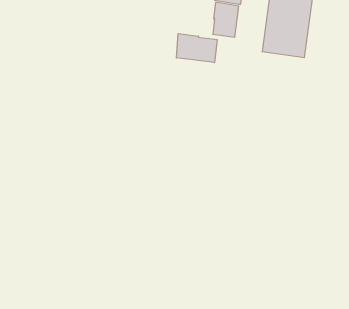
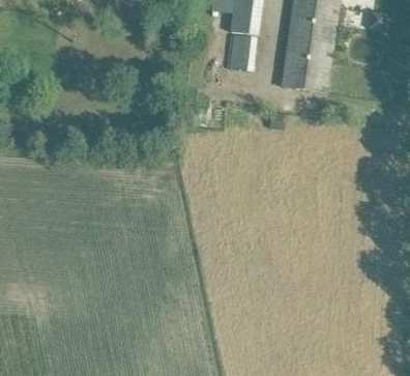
building: [176,34,217,63] -> none

